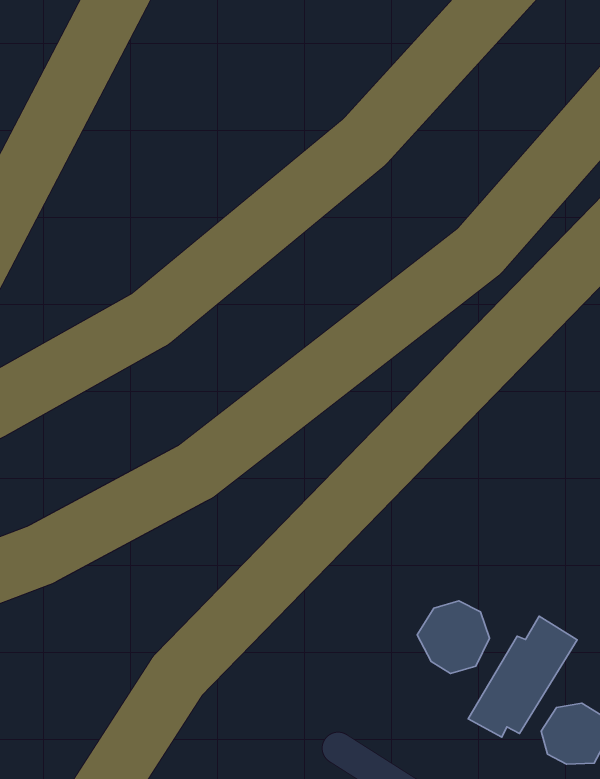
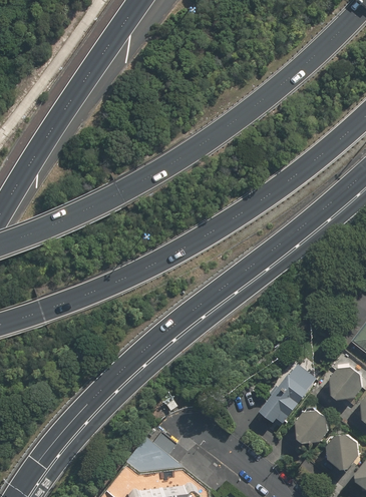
building: [417,601,490,673] -> none

